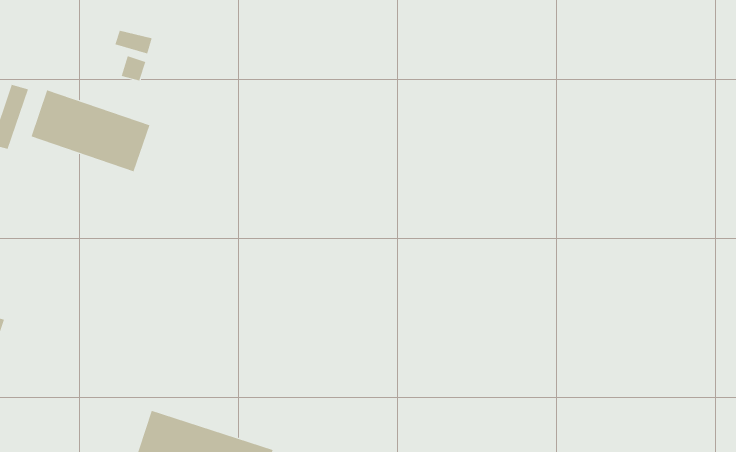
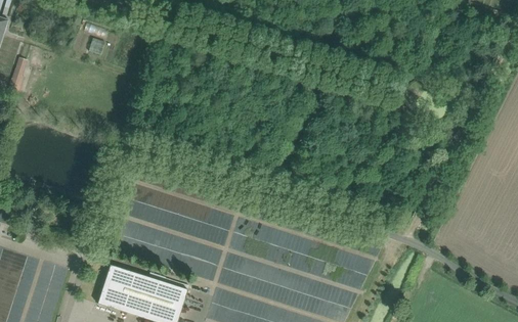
building: [31,89,150,172] -> none

